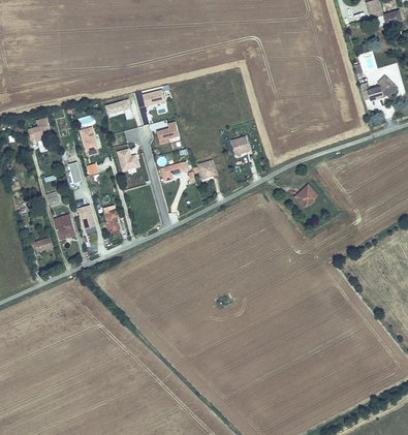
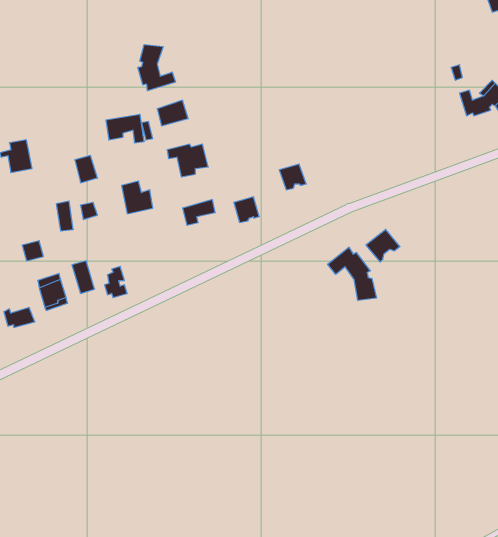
building: none -> [138,45,176,91]
building: none -> [328,247,377,301]

